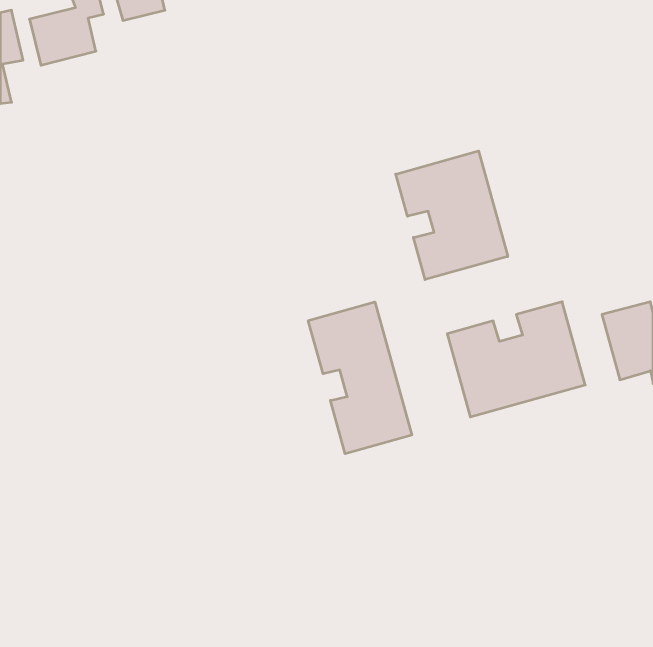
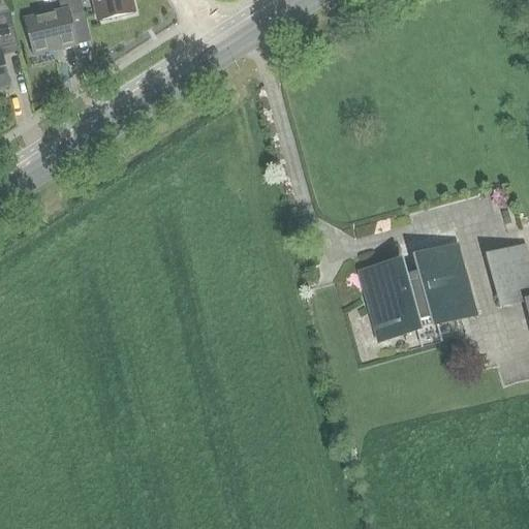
building: [396,151,508,280] -> none
building: [308,302,412,454] -> none

